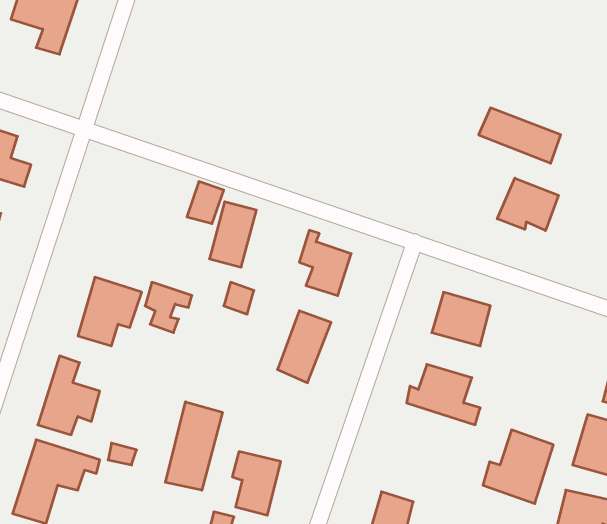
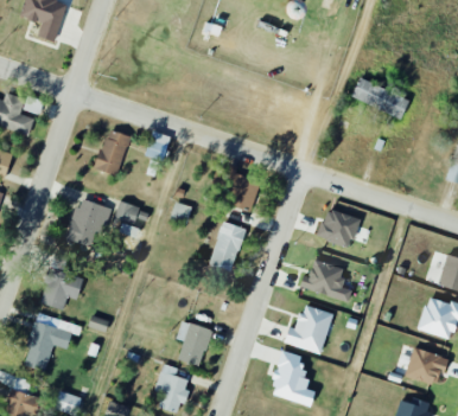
building: [497,178,558,231] -> none
building: [209,202,256,267] -> [96,129,129,175]
building: [165,402,222,490] -> none
building: [483,430,553,504] -> [284,303,333,356]

